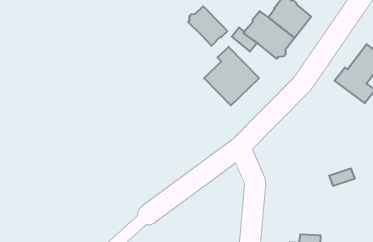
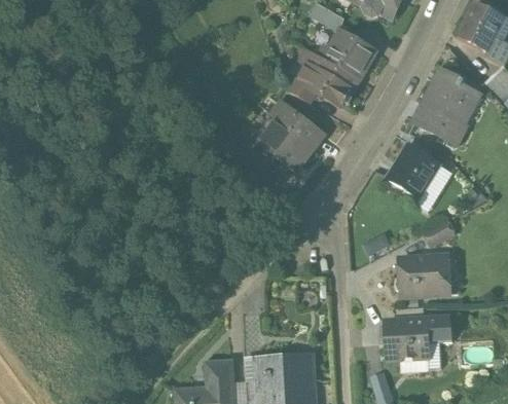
building: [188,6,227,46] -> none
building: none -> [388,143,440,196]
building: none -> [395,256,449,296]

